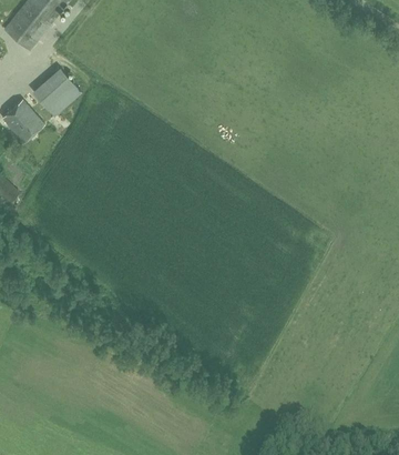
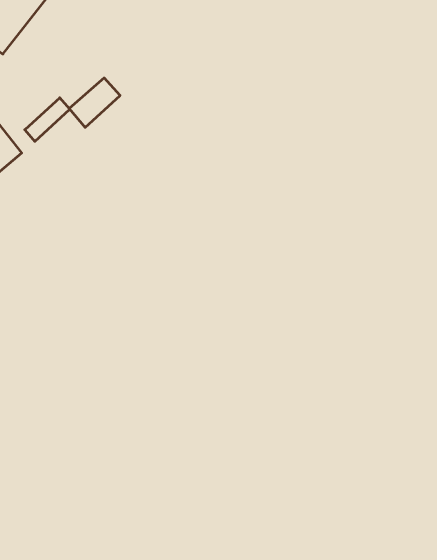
building: [34,69,73,107] -> [69,78,120,127]

